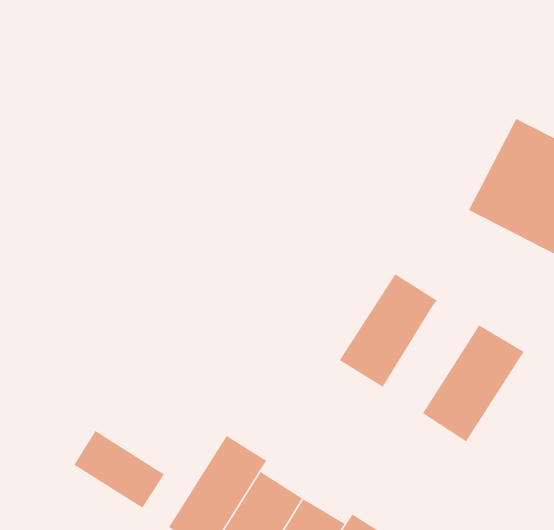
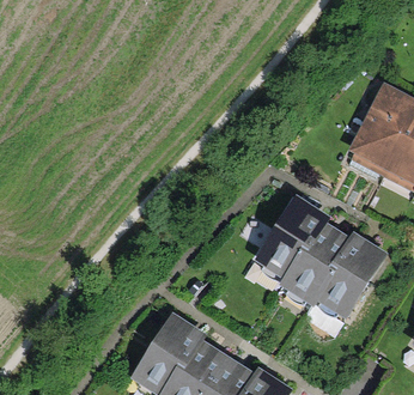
building: none -> [279,223,348,305]
building: [73,430,165,509] -> none

